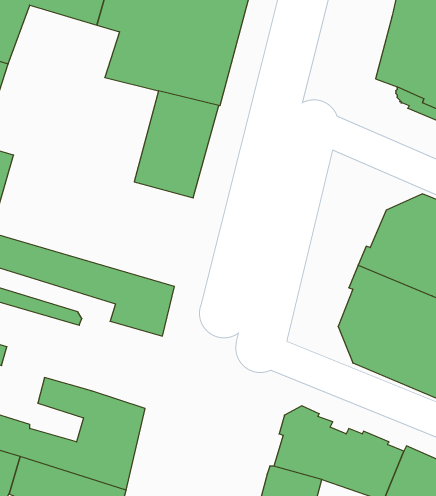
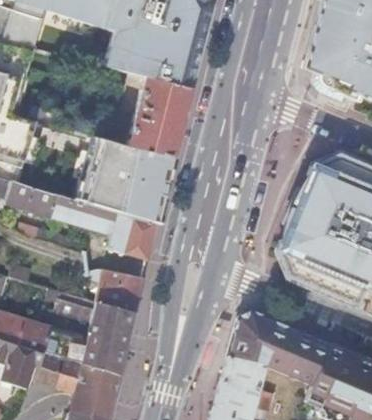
building: none -> [78,137,171,223]
building: none -> [95,269,144,314]

